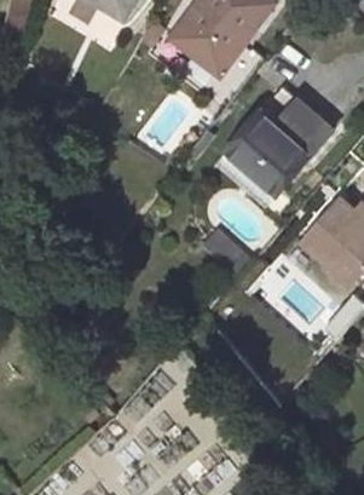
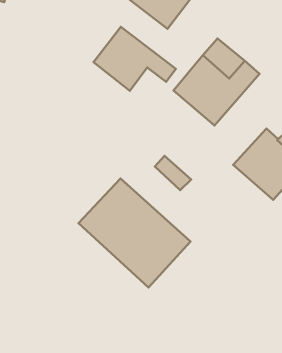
building: none -> [94,27,176,91]
building: none -> [79,178,190,287]

